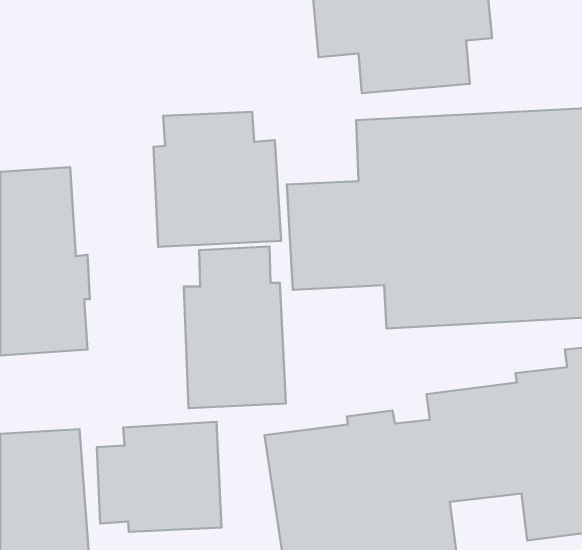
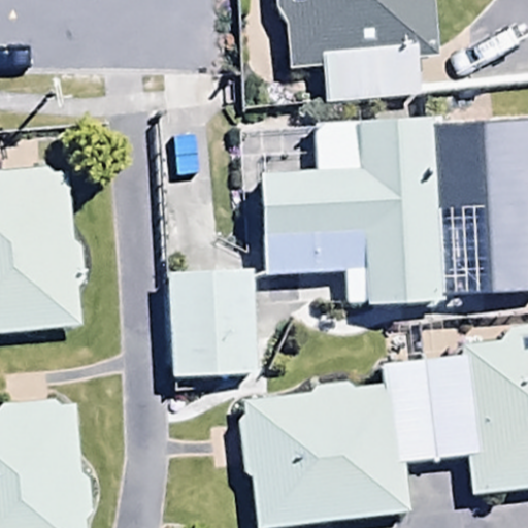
building: [153,112,281,247] -> none
building: [97,422,222,532] -> none

